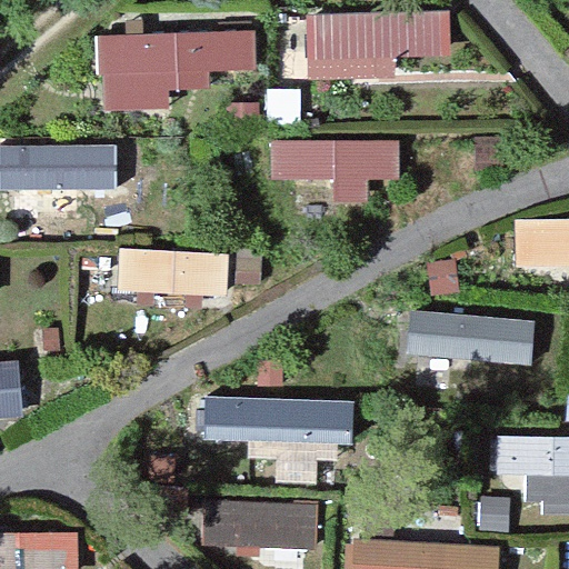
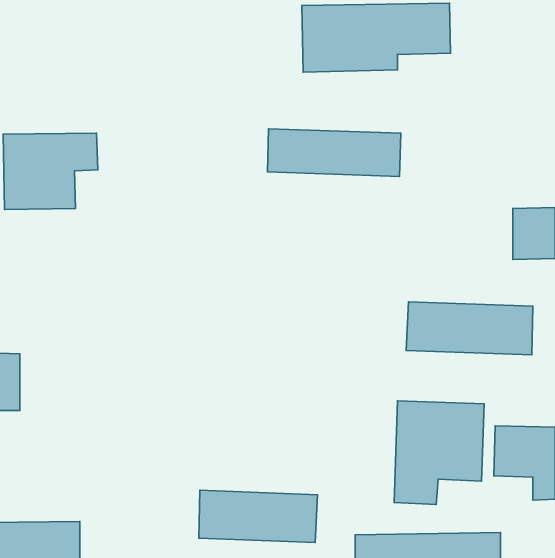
building: [96,28,254,110] -> none
building: [118,250,228,298] -> none
building: [202,396,352,445] -> none
building: none -> [394,401,484,505]

